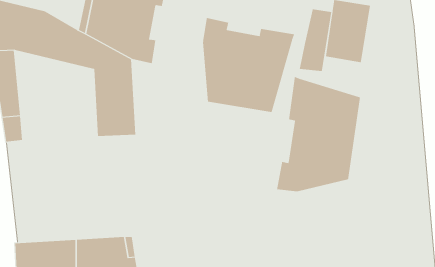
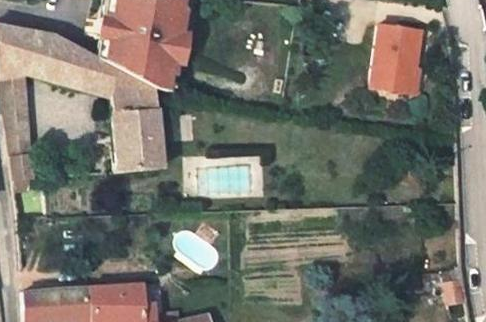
building: [299,8,332,72] -> none
building: [203,17,295,113] -> none
building: [277,76,361,192] -> none

